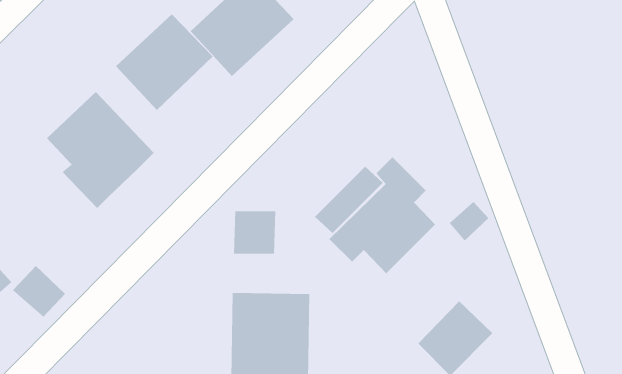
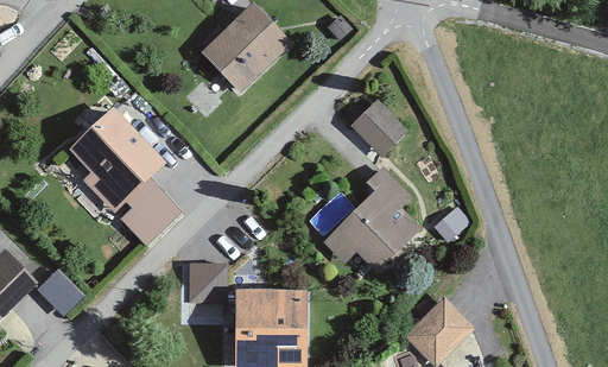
building: [115,13,213,111] -> none
building: none -> [348,99,405,157]
building: none -> [118,178,180,247]
building: [233,211,276,254] -> [186,264,226,303]

